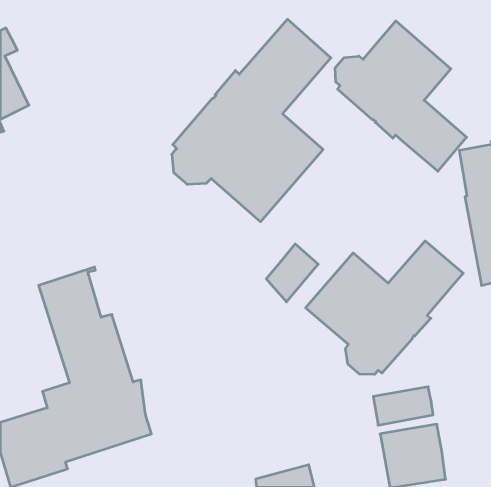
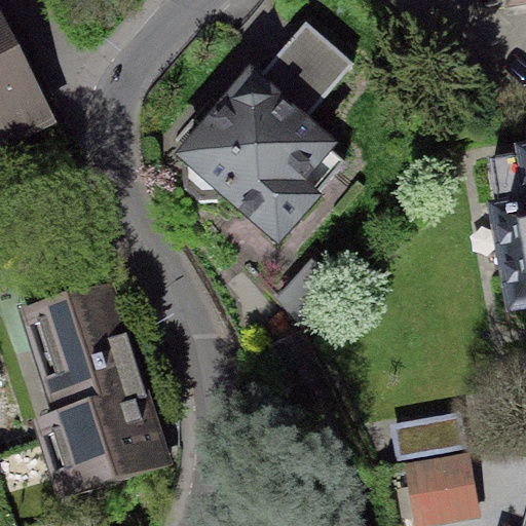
building: [335,21,467,171] -> none
building: [306,241,463,374] -> none

